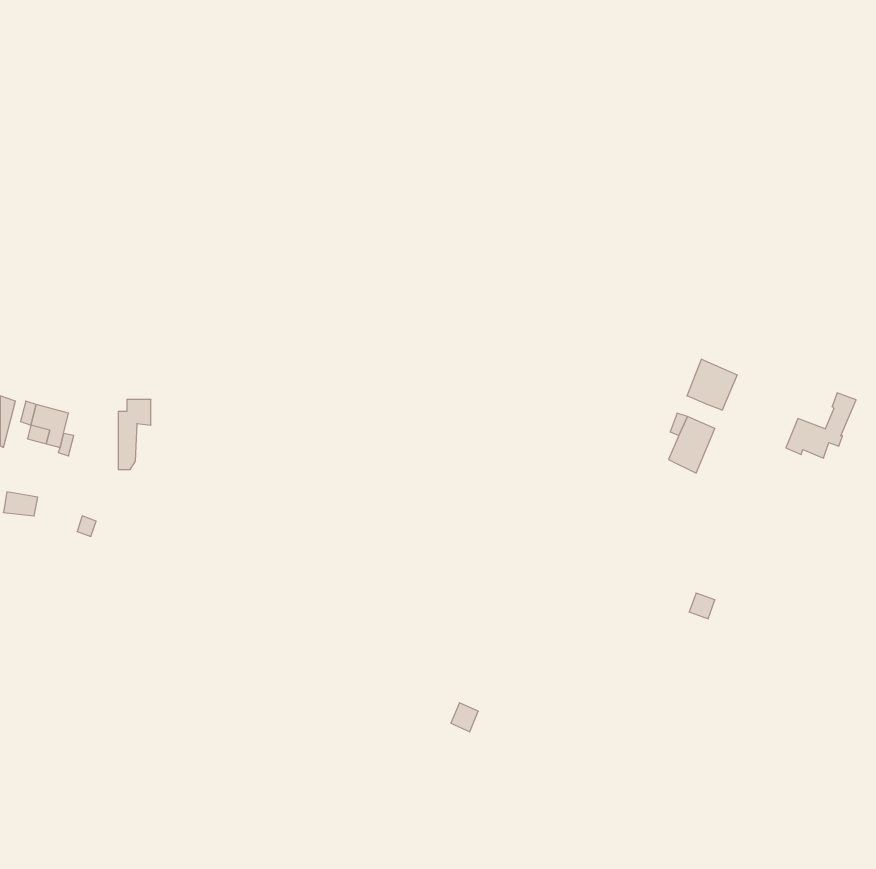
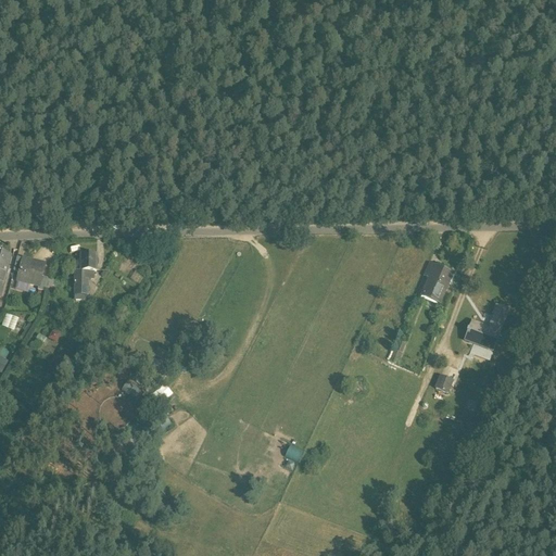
building: [687,359,737,410] -> none
building: [786,393,856,458] -> [465,304,509,345]

